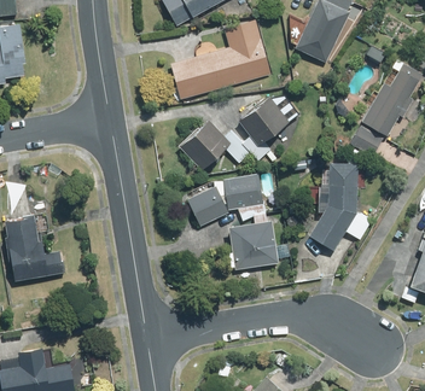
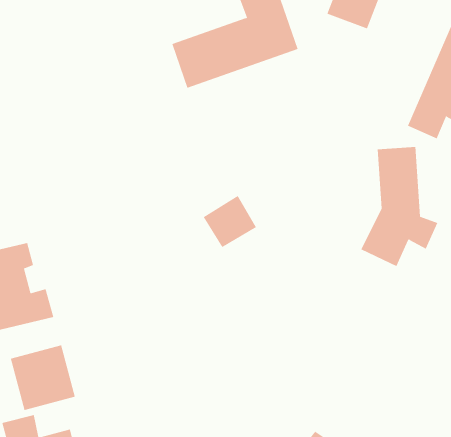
building: [180,97,290,169] -> none
building: [223,173,263,208] -> none
building: [228,220,276,269] -> none
building: none -> [10,344,76,411]

